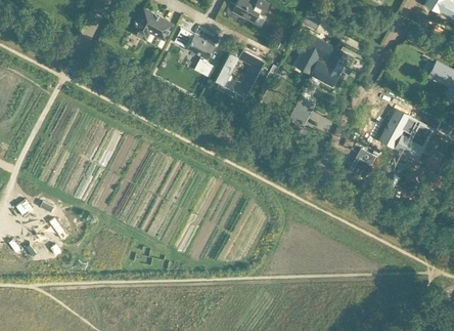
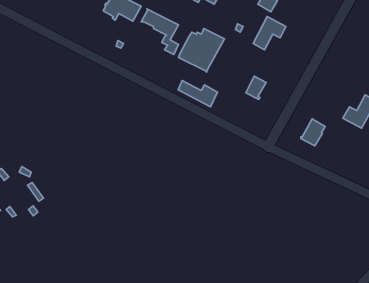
building: [311,48,348,85] -> none
building: none -> [178,81,218,107]
building: [380,110,417,147] -> none

